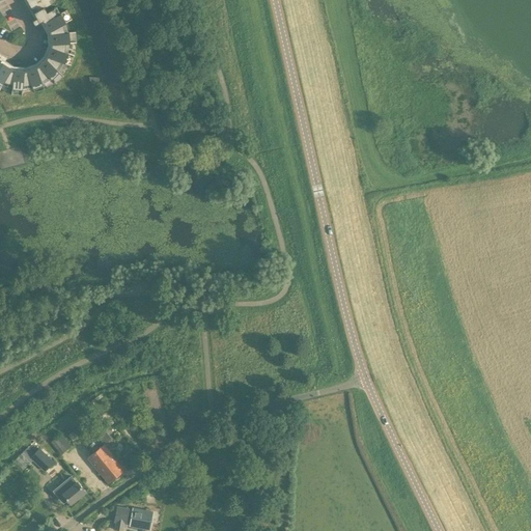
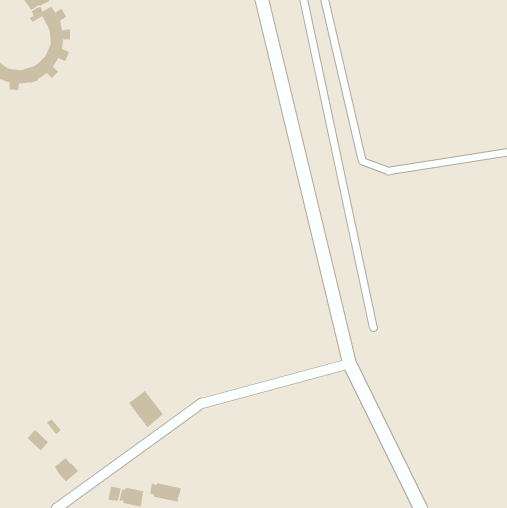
building: [85,443,122,482] -> [128,390,164,428]
building: none -> [150,482,182,502]

